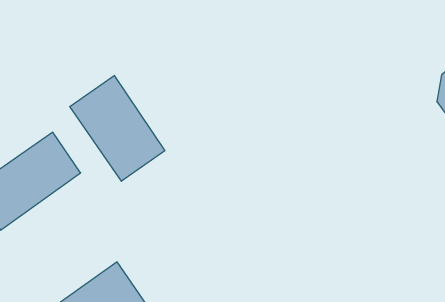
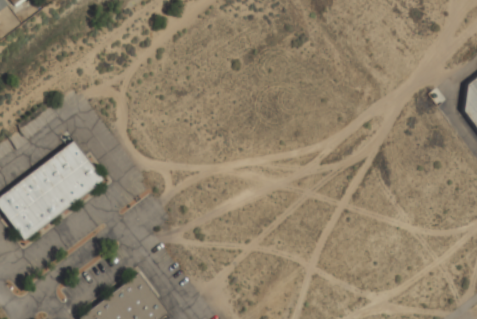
building: [70,75,165,181] -> none

